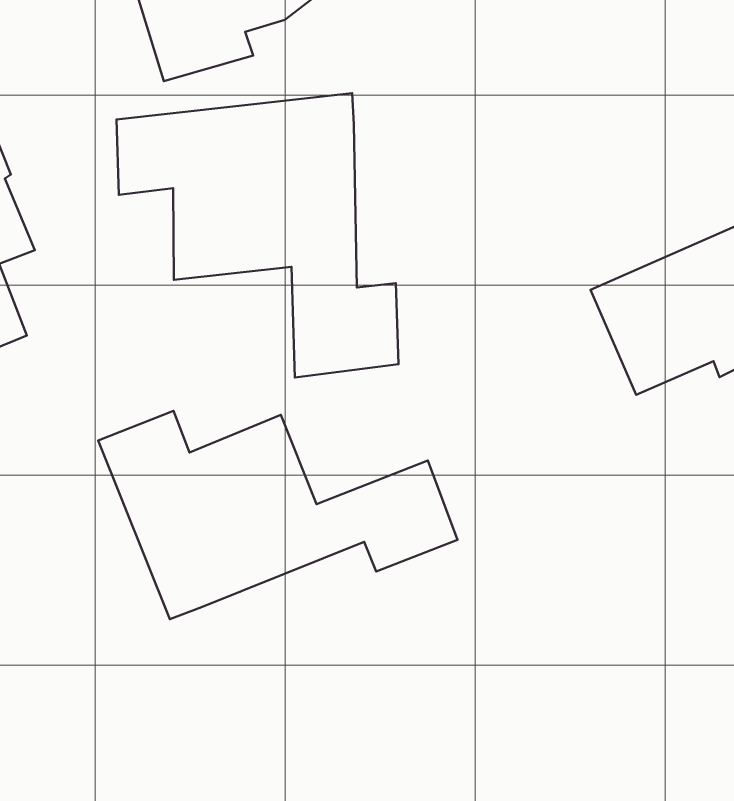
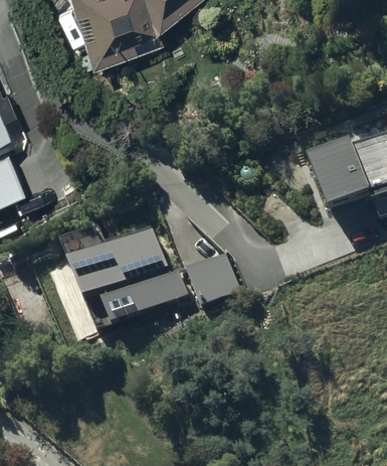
building: [117,93,399,378] -> none

